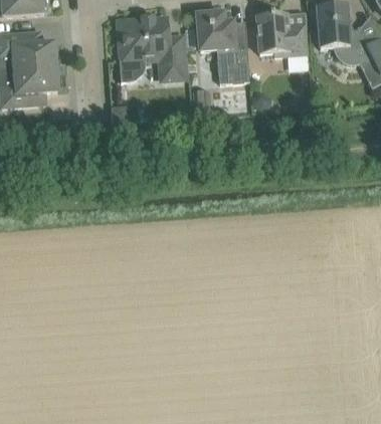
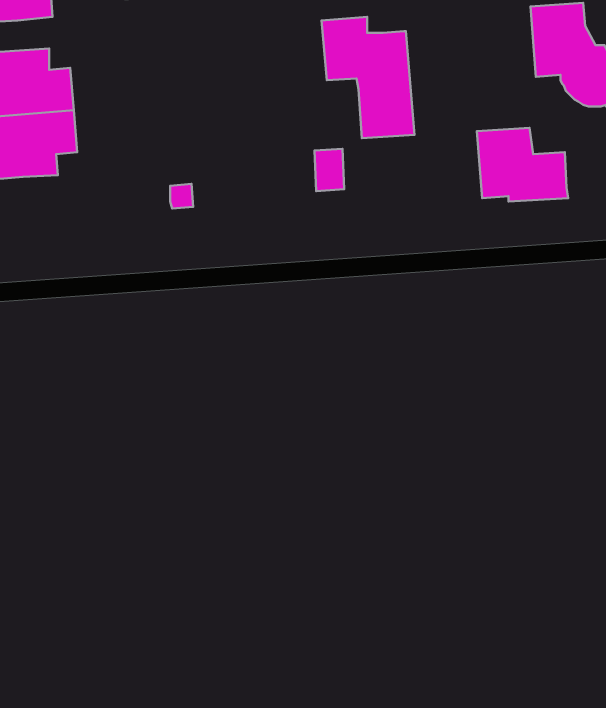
building: [256,12,309,54] -> [477,128,568,202]
building: [119,16,185,81] -> none

